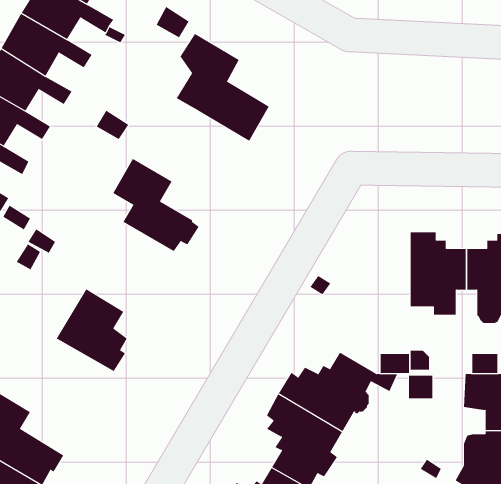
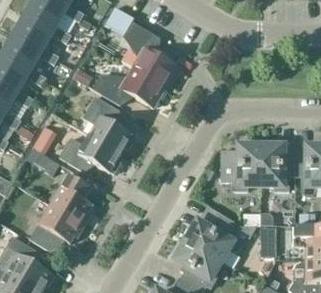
building: none -> [92,67,165,107]
building: none -> [59,134,121,173]
building: none -> [221,140,261,190]
building: none -> [29,204,84,252]

